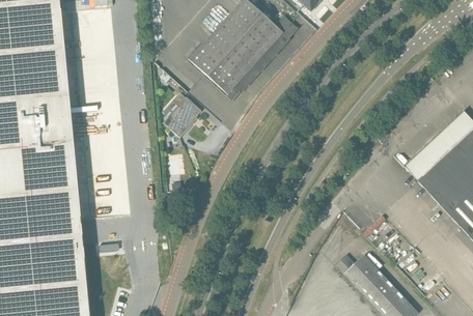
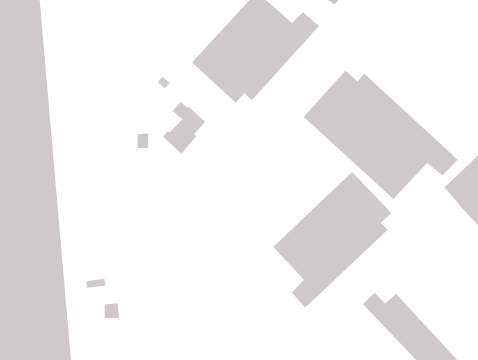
building: none -> [303,70,458,200]
building: none -> [273,171,392,308]

